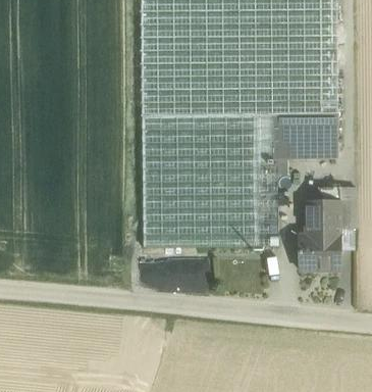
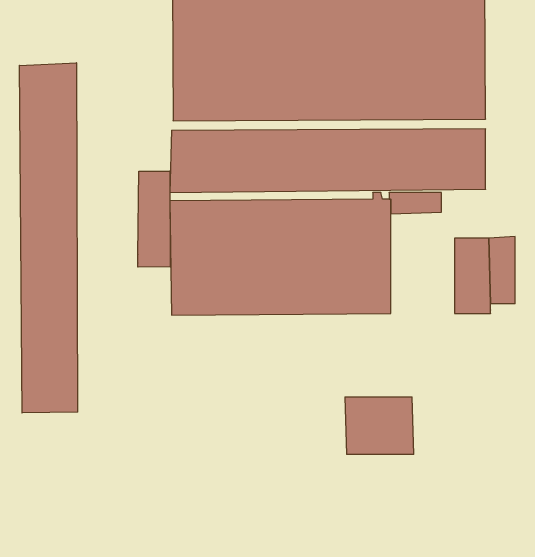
building: none -> [19,63,78,413]
building: none -> [138,171,170,267]
building: [299,237,341,273] -> [345,397,414,454]

